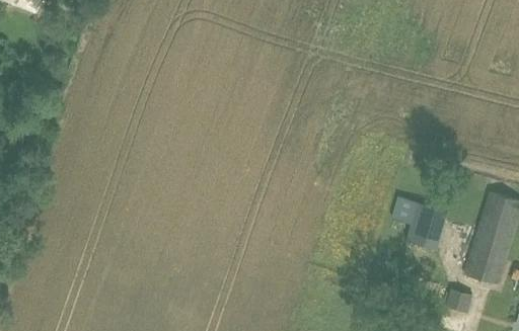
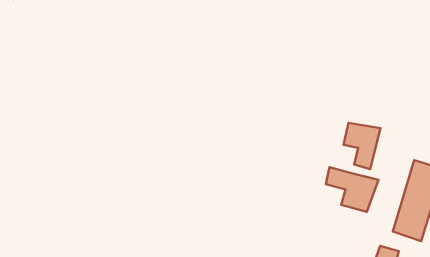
building: none -> [344,123,381,169]

